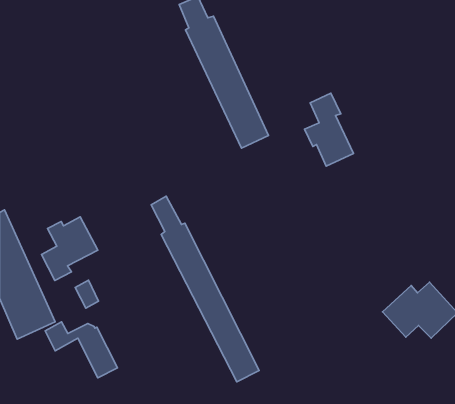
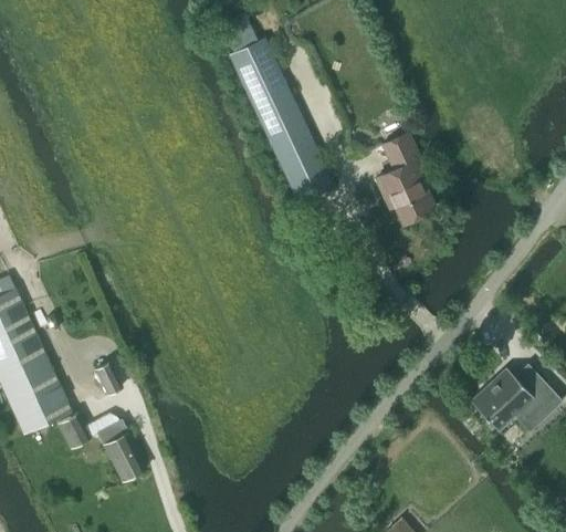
building: [151,196,259,382] -> none
building: [41,217,98,280] -> none

